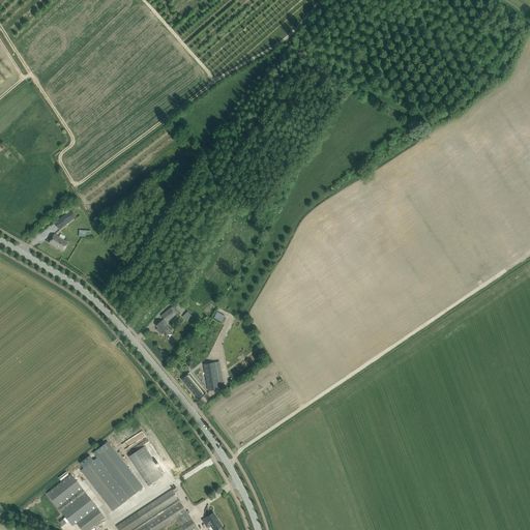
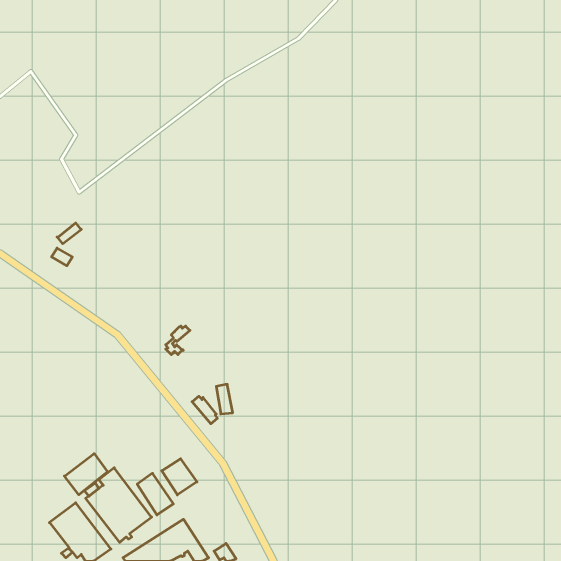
building: none -> [64,454,107,495]
building: none -> [162,459,197,495]

